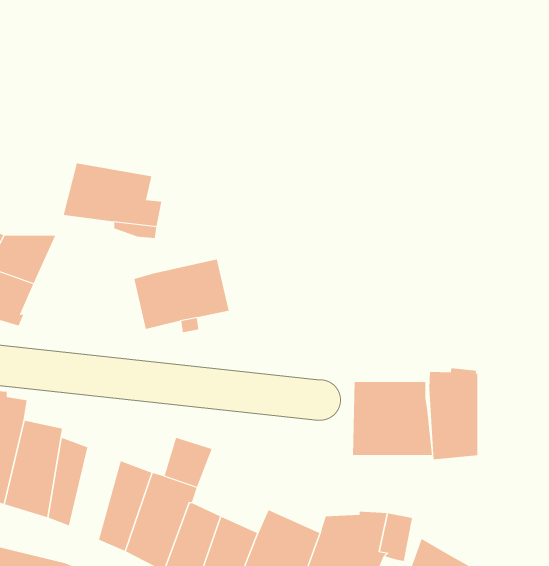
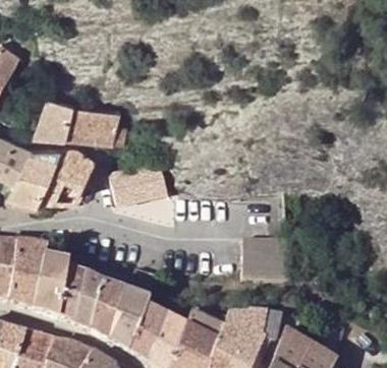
building: none -> [36,97,75,135]
building: none -> [42,146,95,198]
building: [429,368,478,460] -> none
building: none -> [71,275,102,331]

